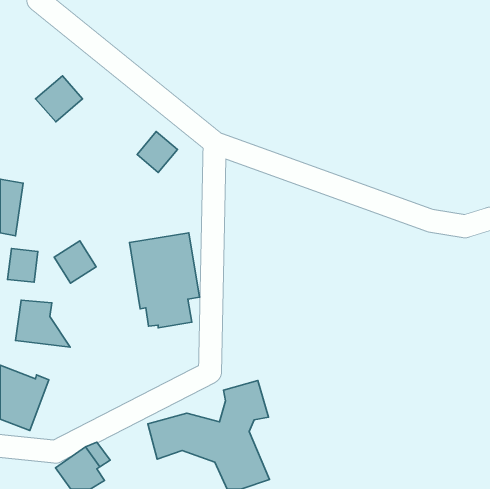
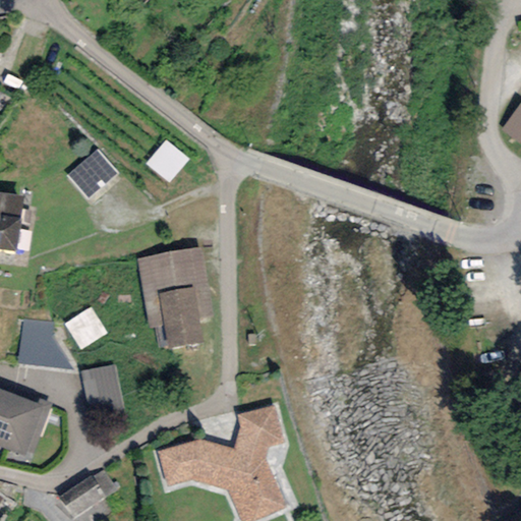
building: [36,76,83,122] -> [67,149,117,197]
building: [54,241,96,283] -> [64,304,109,349]
building: [8,249,38,282] -> none
building: none -> [81,363,125,420]

